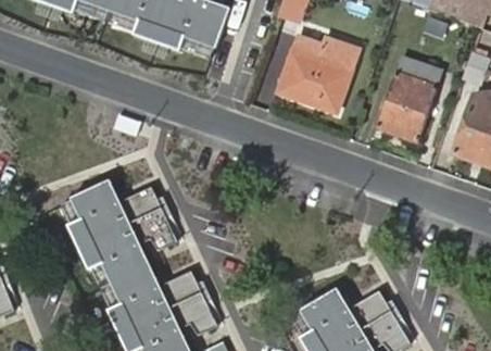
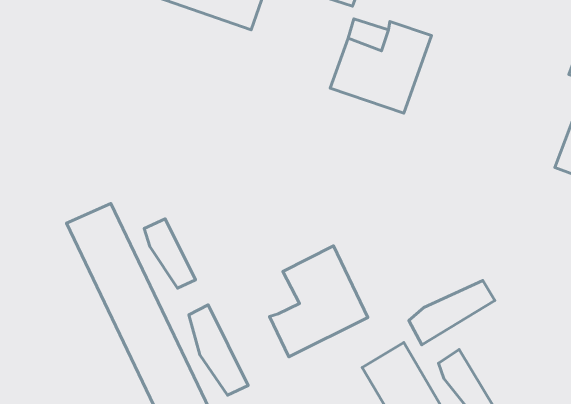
building: [379,60,443,140] -> none
building: none -> [270,246,368,357]
building: none -> [409,281,495,345]

